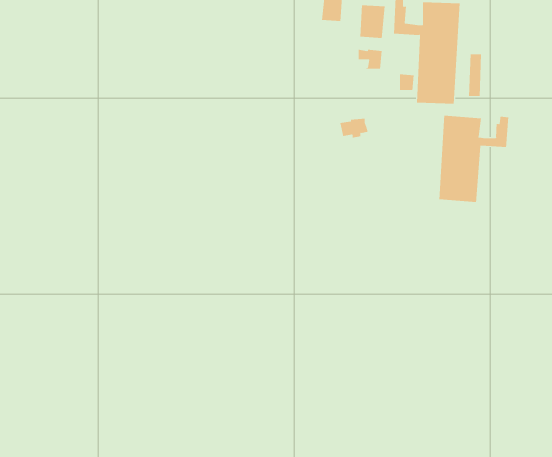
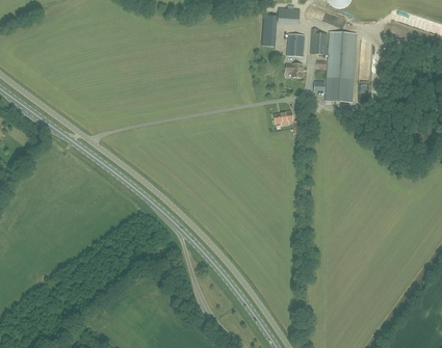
building: [439,115,509,203] -> none

